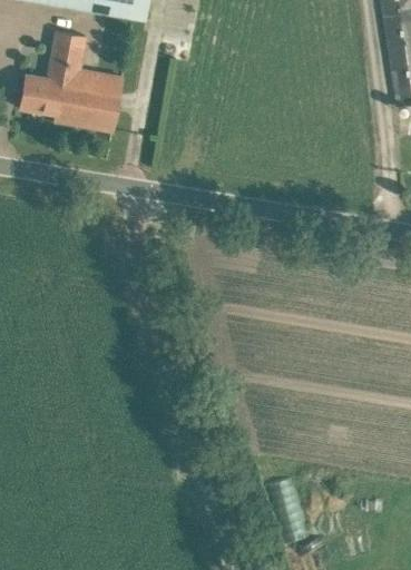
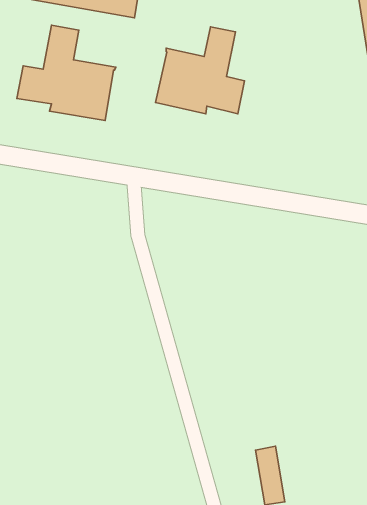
building: none -> [156,27,244,114]

